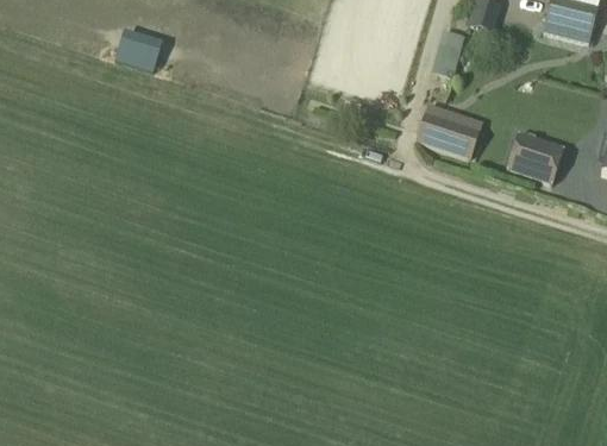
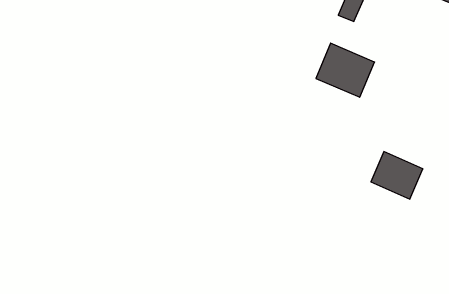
building: [507,132,565,183] -> [371,152,423,199]

